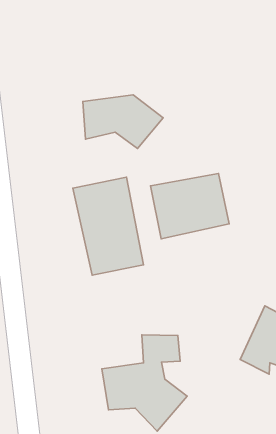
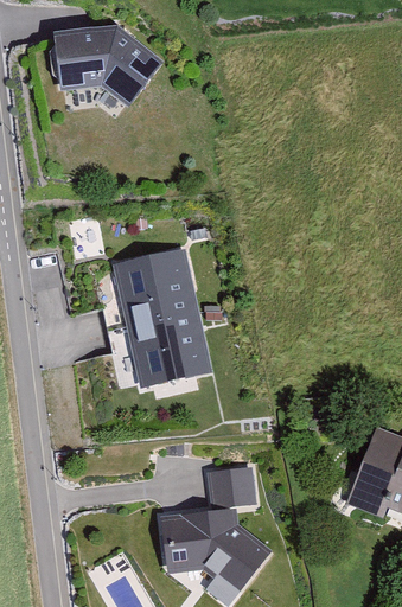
building: [83,95,163,148] -> [50,30,161,104]
building: [150,174,229,239] -> none

